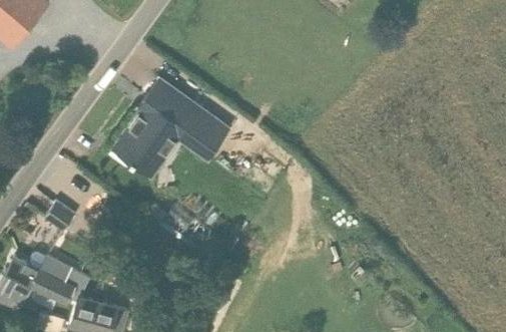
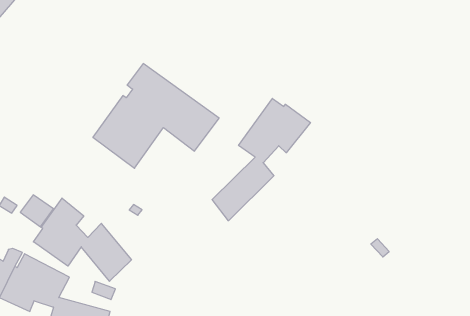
building: none -> [212,98,310,221]
building: none -> [33,198,131,281]

